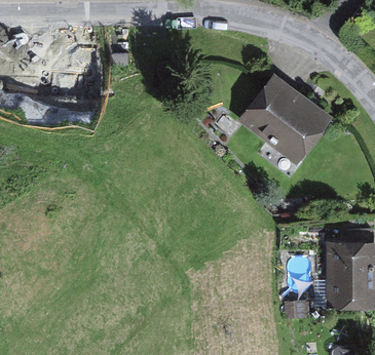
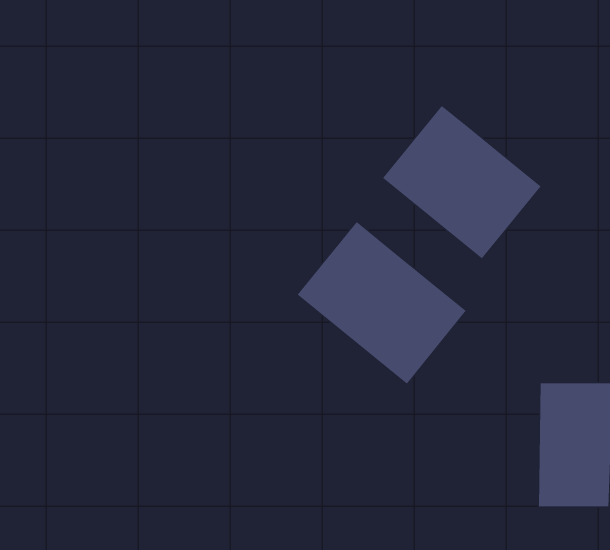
building: none -> [297,221,467,384]

